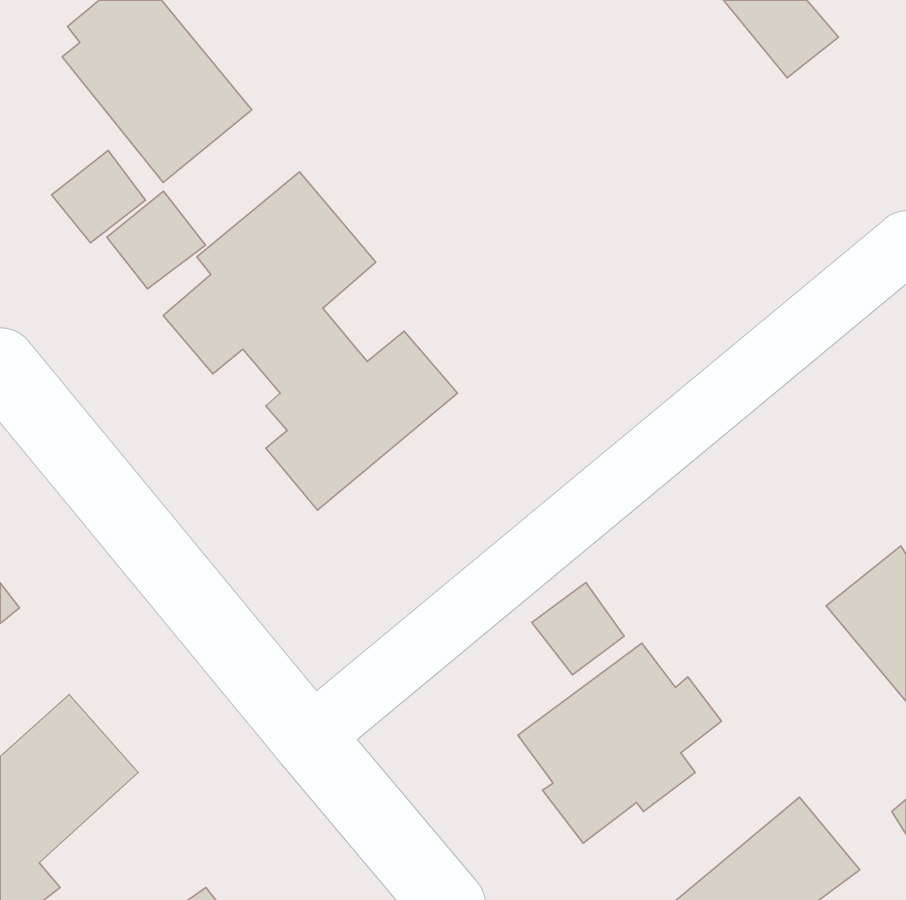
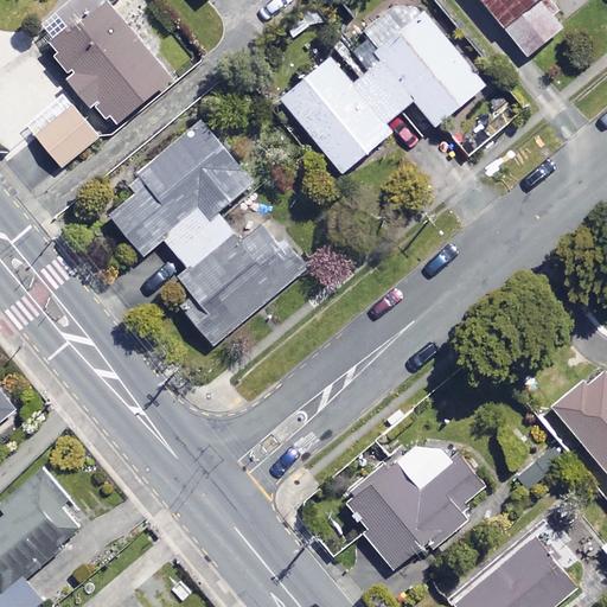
building: none -> [277,8,483,171]
building: [107,191,206,289] -> none
building: [532,582,624,675] -> none

